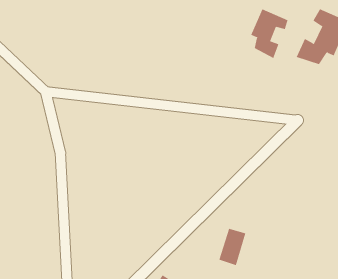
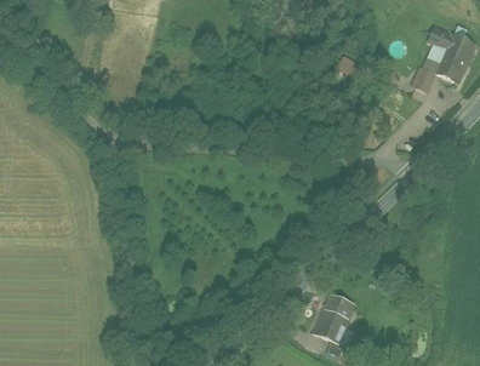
building: [251,9,288,59] -> none

